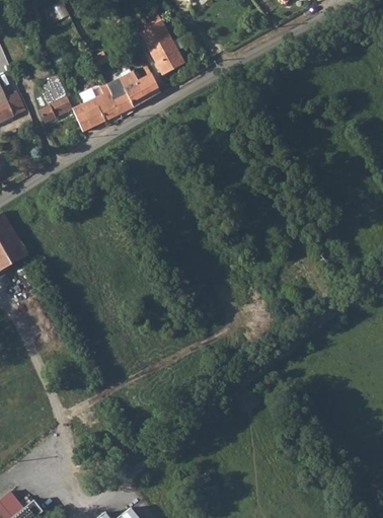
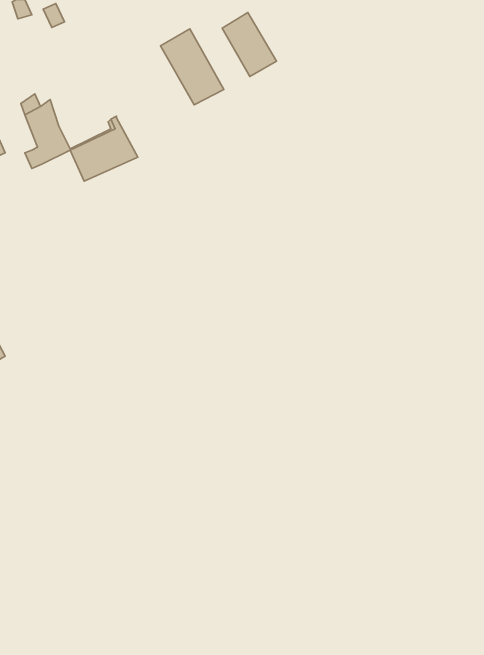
building: none -> [222,12,276,76]
building: [106,71,160,114] -> none

